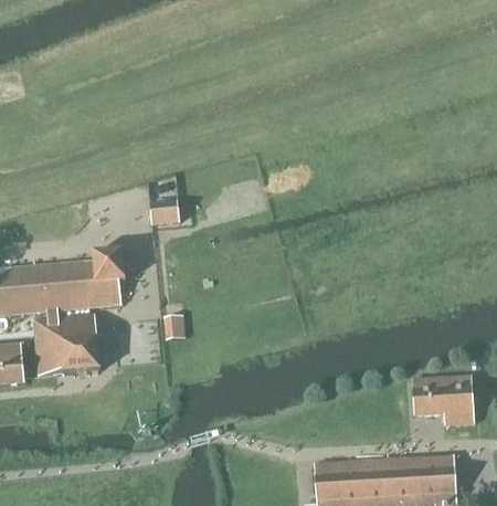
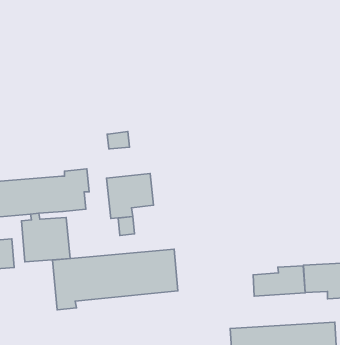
building: none -> [106,173,153,218]
building: none -> [52,249,178,310]
building: none -> [253,266,305,296]

